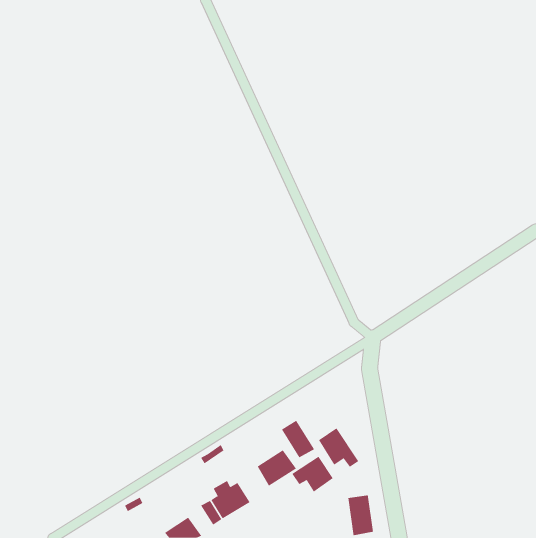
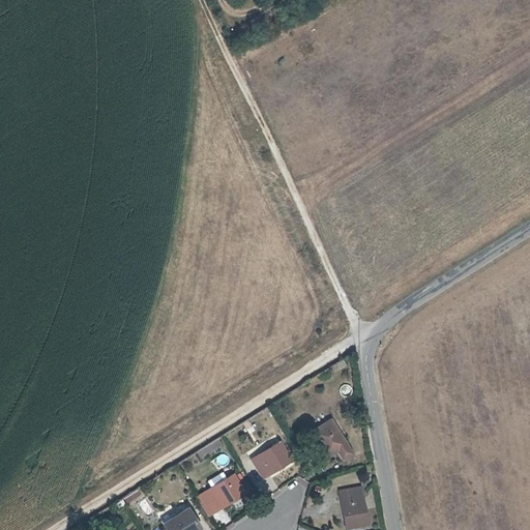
building: [281,420,315,458] -> none
building: [292,456,333,492] -> none

